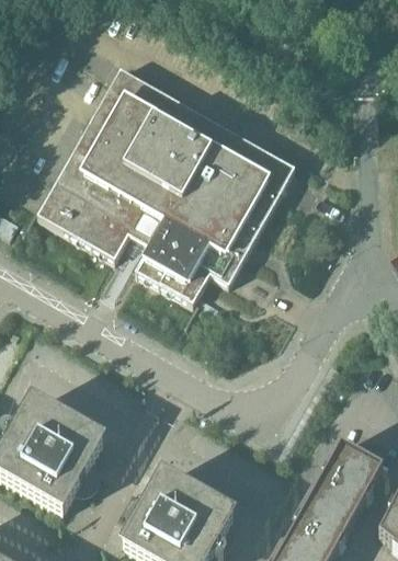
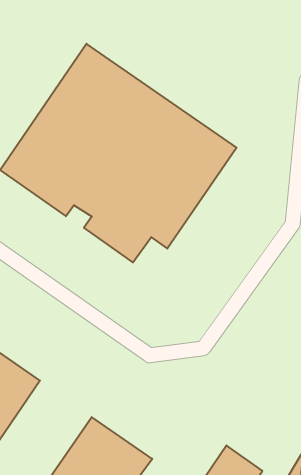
building: [312,445,383,518] -> none

